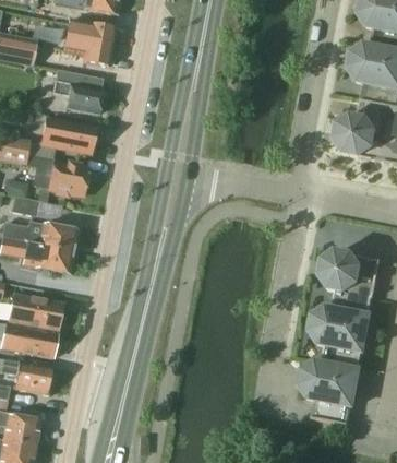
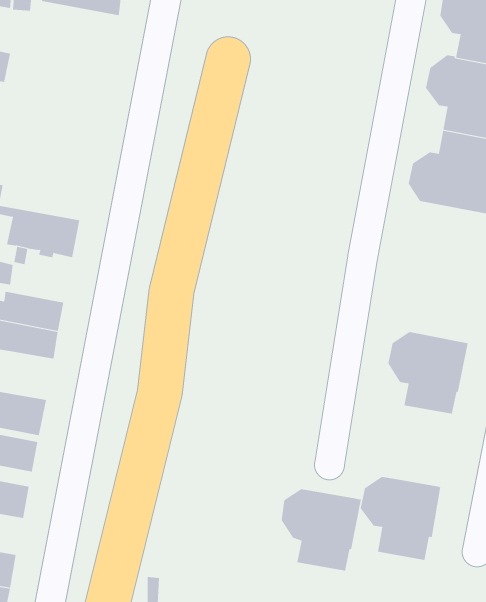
building: [62,17,112,64] -> none
building: [51,69,100,112] -> none
building: [39,119,93,151] -> none
building: [308,305,369,367] -> [281,489,362,571]

